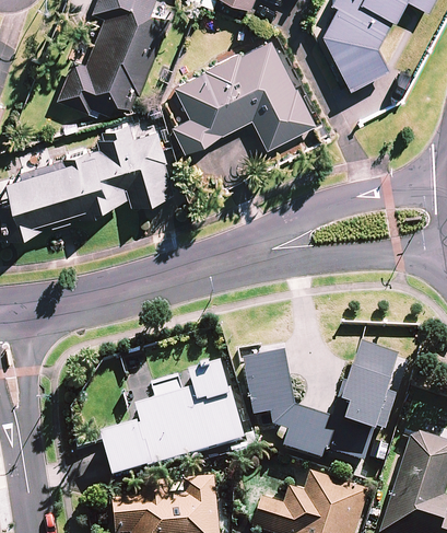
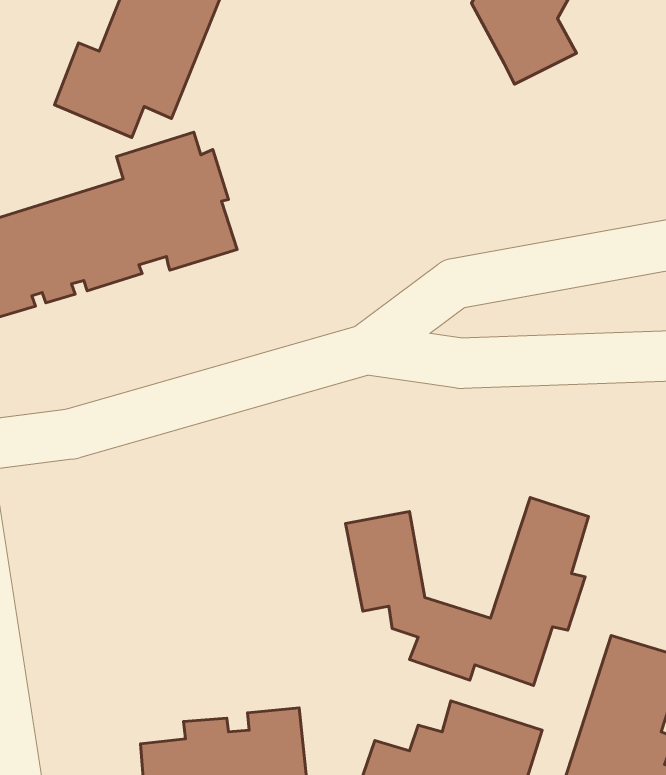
building: [173,37,314,151] -> none
building: [99,369,244,482] -> none

